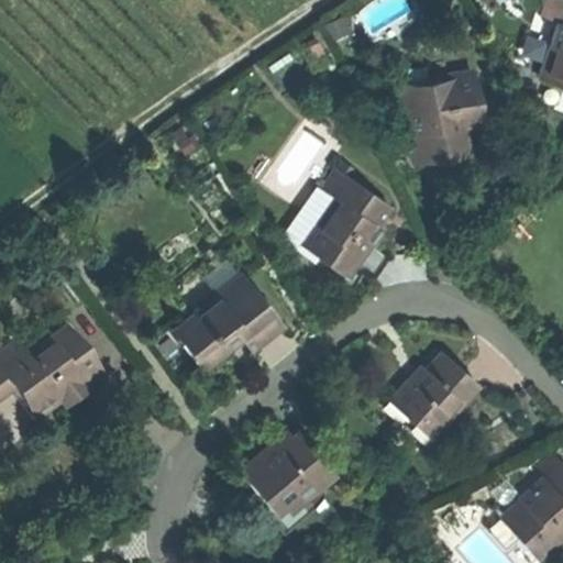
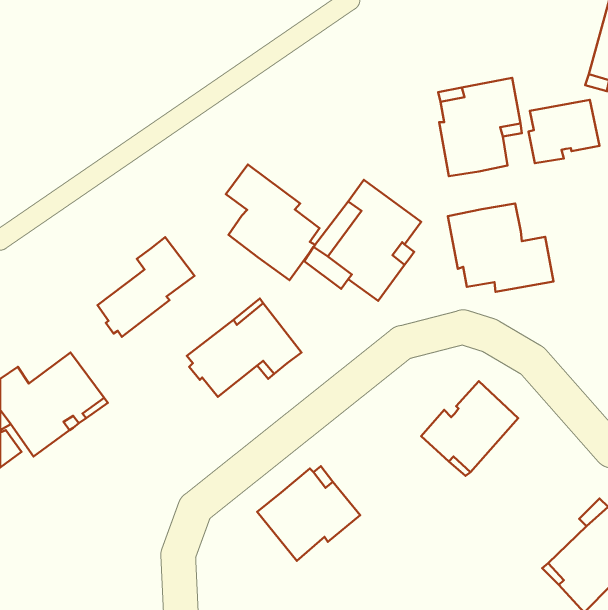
building: none -> [528,100,600,163]
building: none -> [226,165,320,280]
building: none -> [448,204,553,292]
building: none -> [97,237,195,337]

